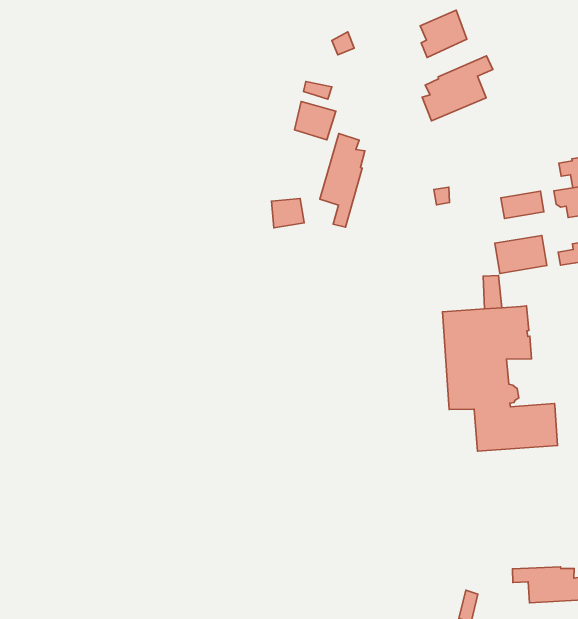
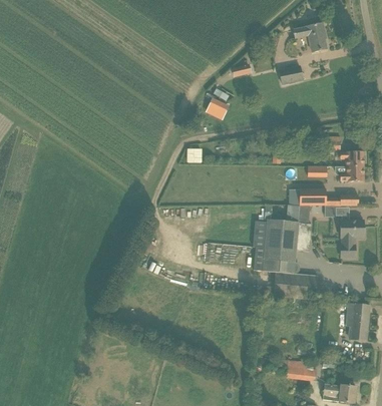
building: [422,56,493,121] -> none
building: [320,133,365,227] -> none

